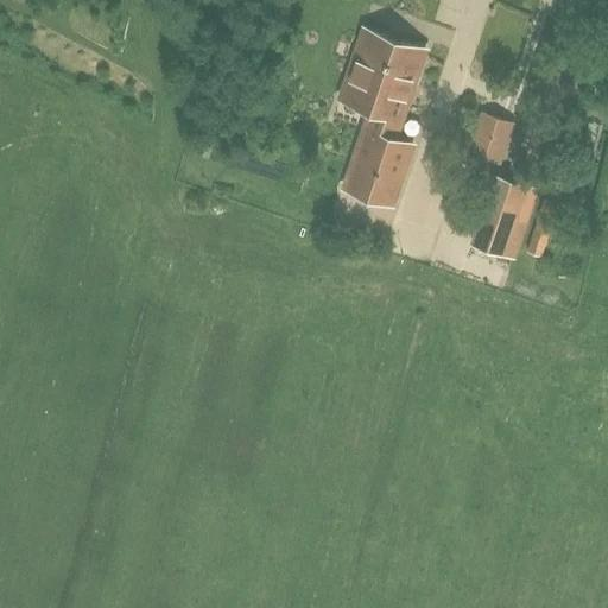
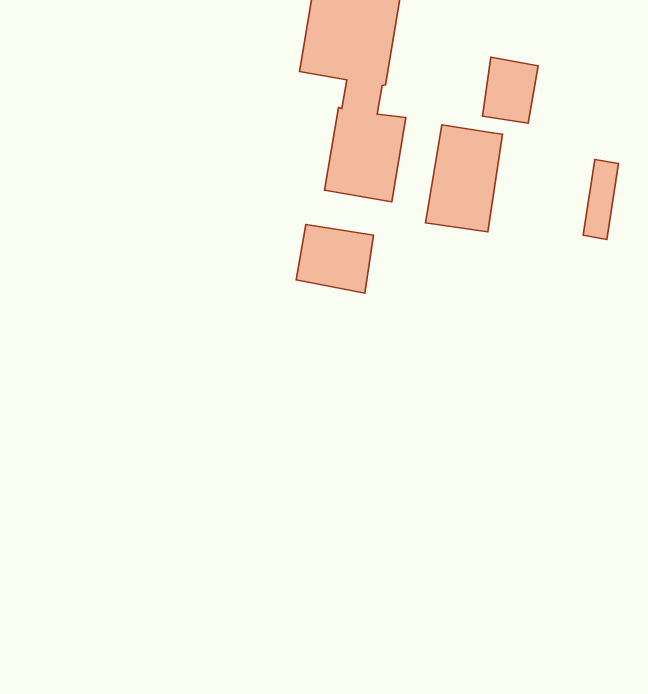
building: [473,177,539,260] -> [426,125,503,232]
building: none -> [296,225,374,293]

